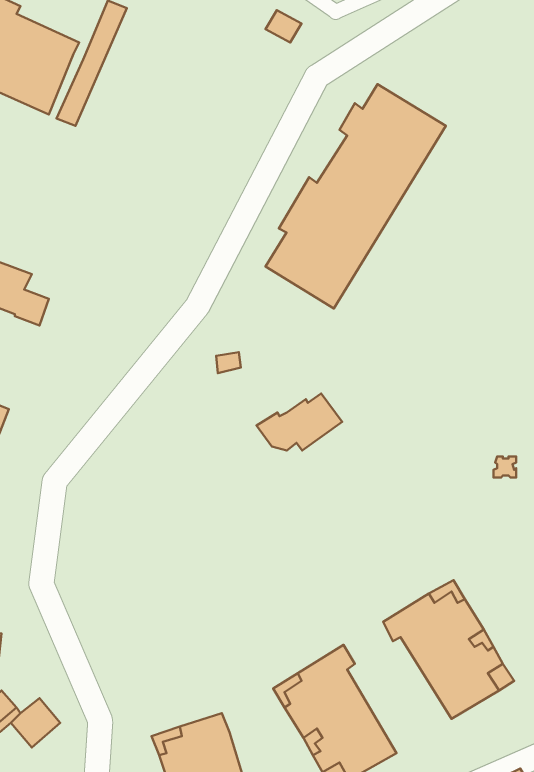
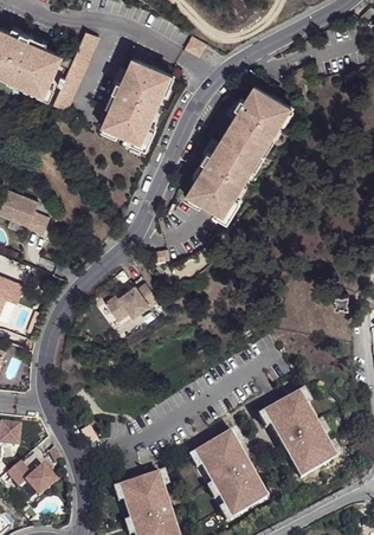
building: none -> [102,57,179,149]
building: [257,393,342,450] -> [105,282,159,317]

